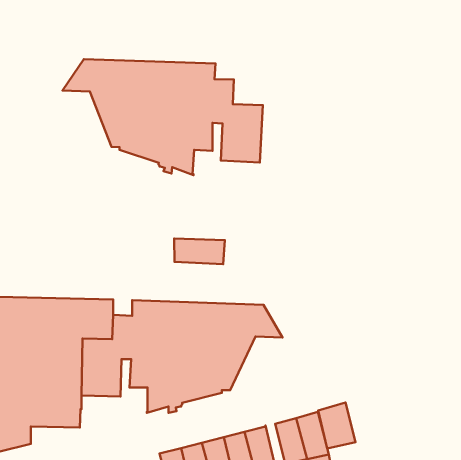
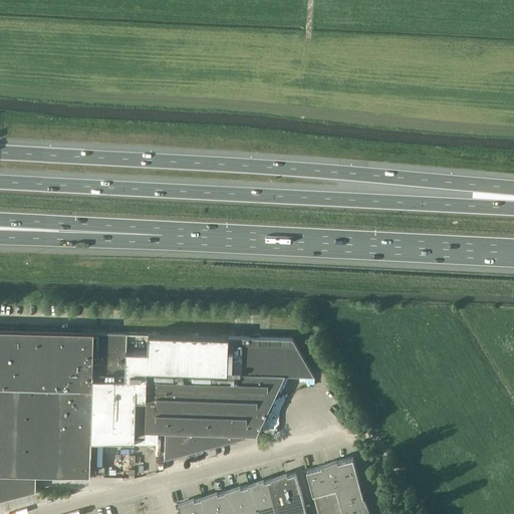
building: [62,59,263,175] -> none
building: [174,239,225,264] -> none
building: [318,403,356,449] -> none

